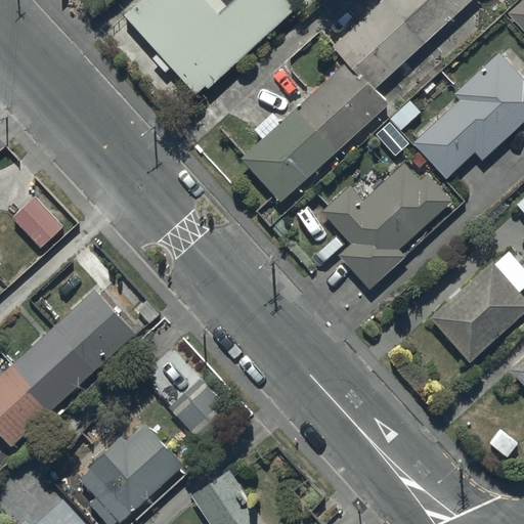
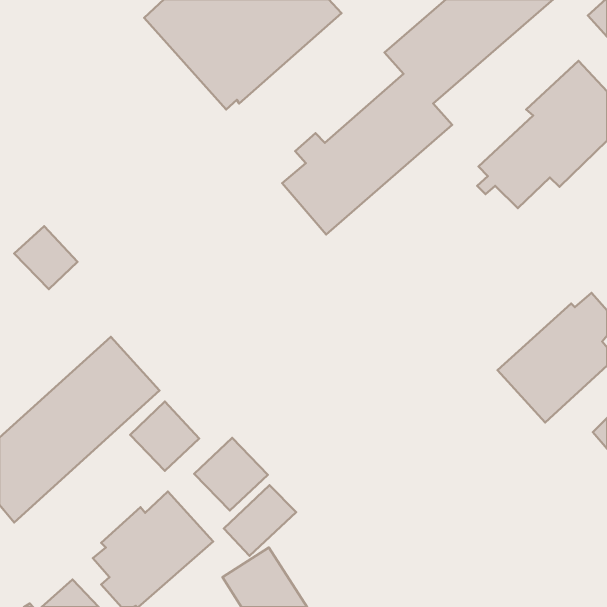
building: [321,161,452,290] -> none
building: none -> [130,401,199,471]
building: none -> [224,485,296,556]

